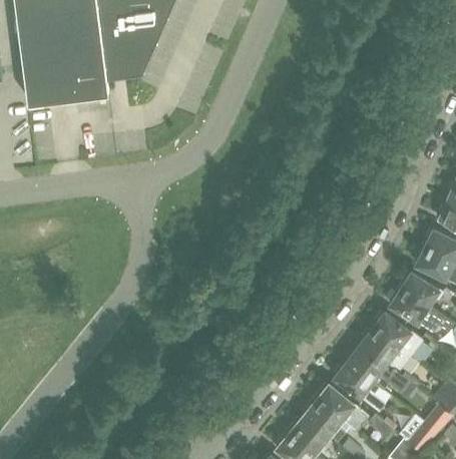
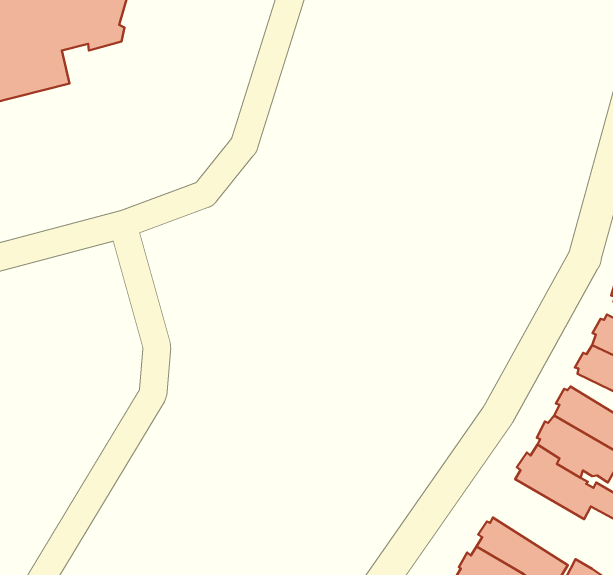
building: [333,362,386,412] -> none

